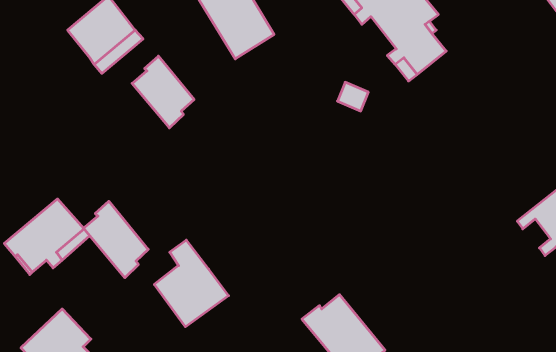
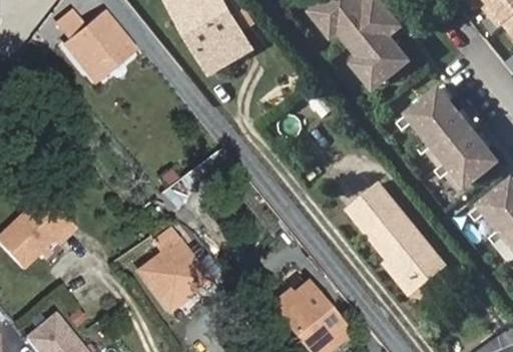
building: [132,56,194,128] -> none
building: none -> [394,88,494,187]
building: none -> [344,182,437,281]
building: [84,201,148,278] -> none

